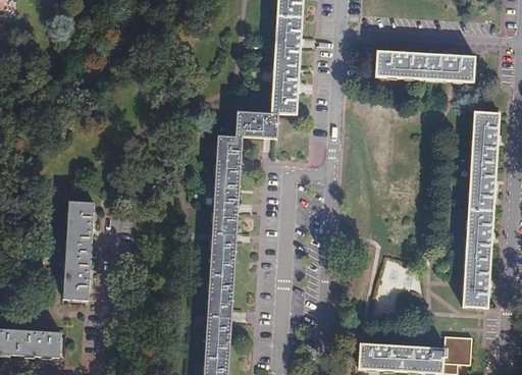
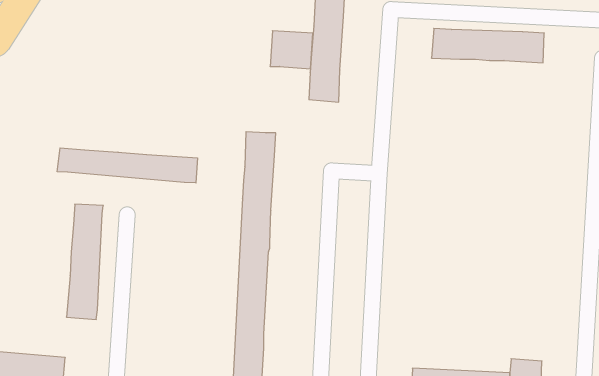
building: [233,110,270,143] -> [270,31,313,69]
building: [463,110,500,306] -> none
building: none -> [57,148,197,183]

